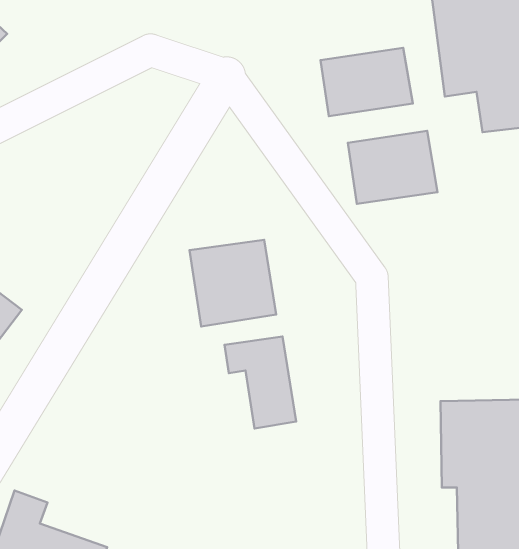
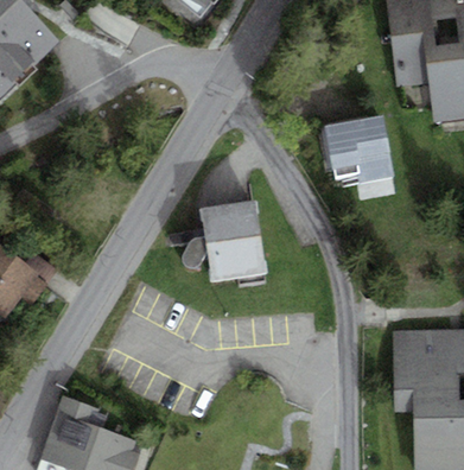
building: [321,48,413,116] -> none
building: [224,336,296,429] -> none

